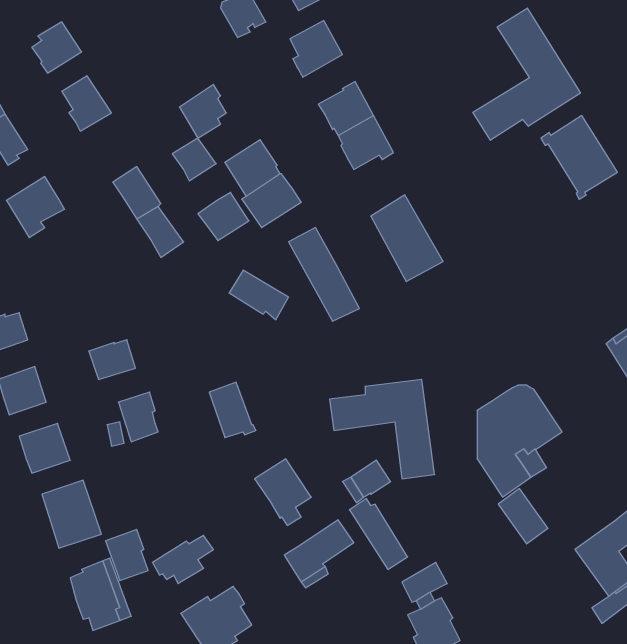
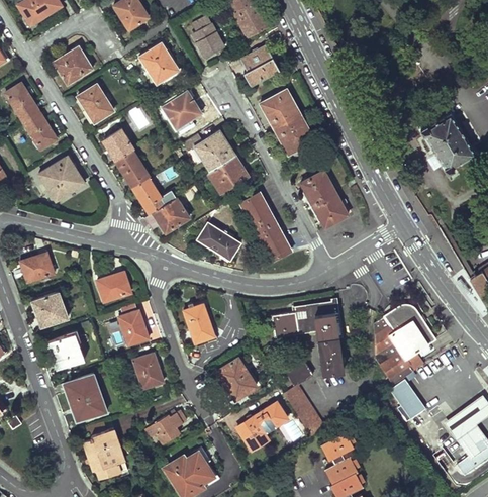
building: [473,8,580,140] -> none
building: none -> [140,45,179,84]
building: [172,138,216,181] -> [103,130,134,161]
building: [198,192,249,241] -> [153,197,189,231]
building: [106,529,148,581] -> [133,353,164,389]

